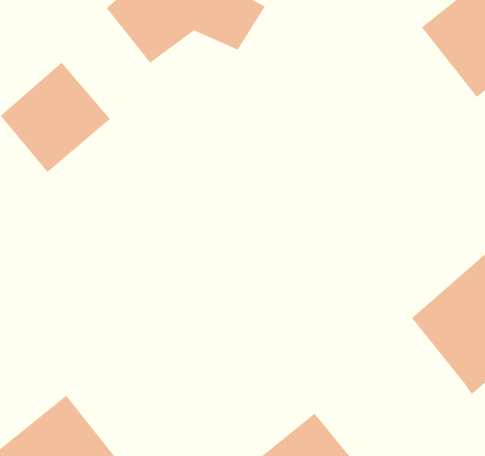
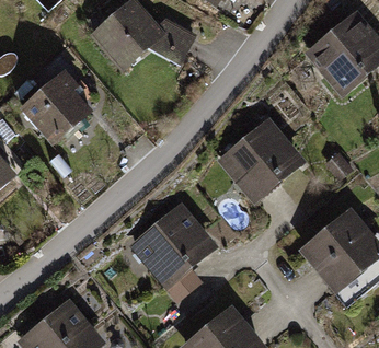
building: none -> [215,116,303,204]
building: none -> [128,204,216,290]

